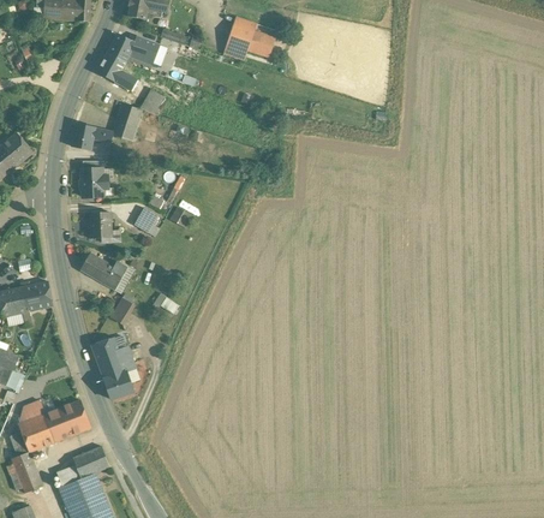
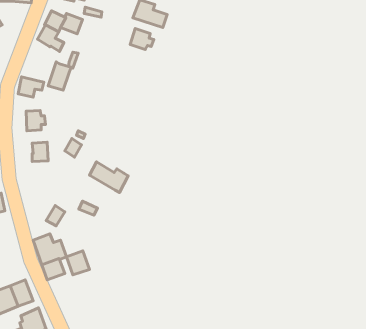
building: none -> [130,29,154,50]
building: [79,251,132,293] -> [89,162,128,193]
building: none -> [67,251,89,275]

